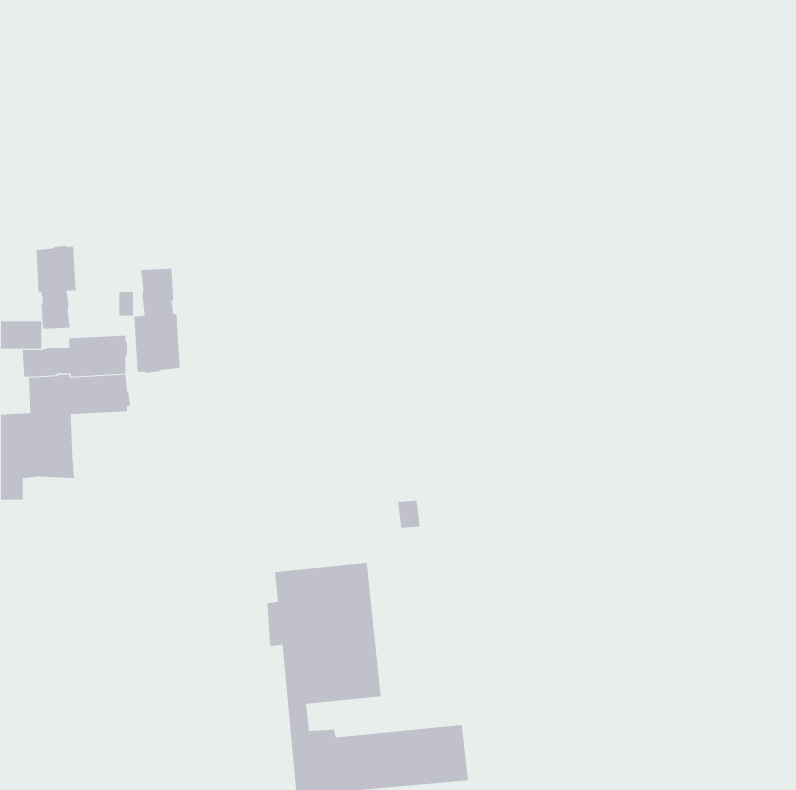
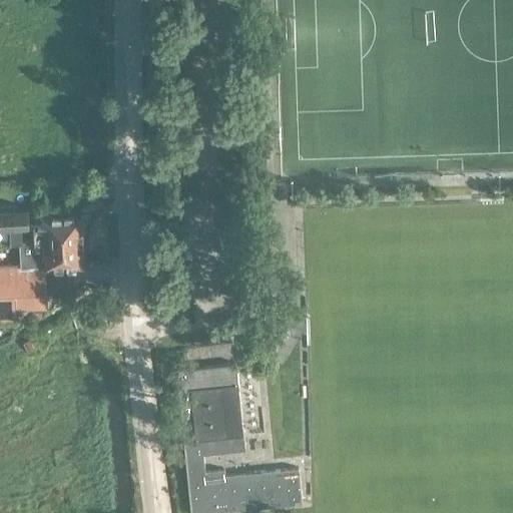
building: [36,245,76,330] -> none
building: [134,268,180,374] -> none

